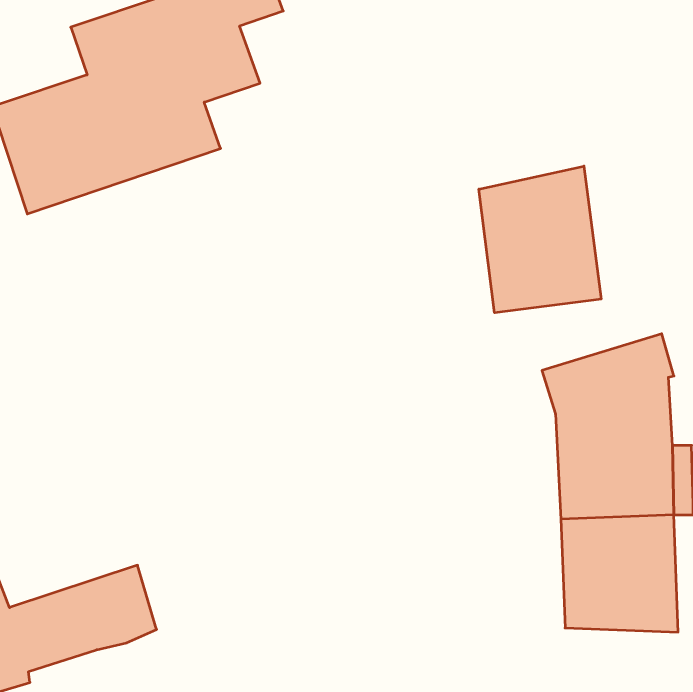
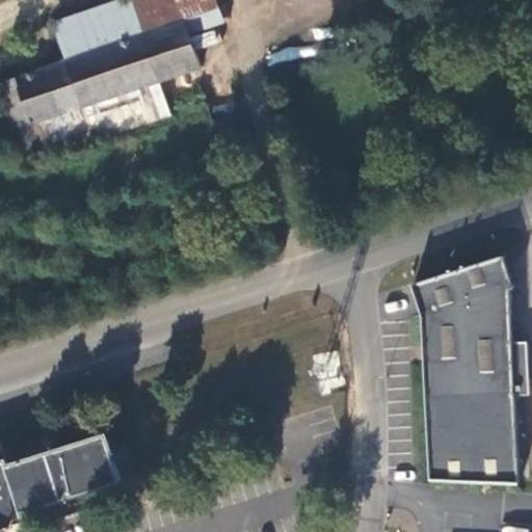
building: [479,166,601,313] -> none

